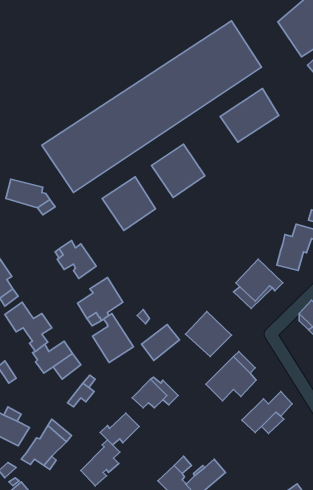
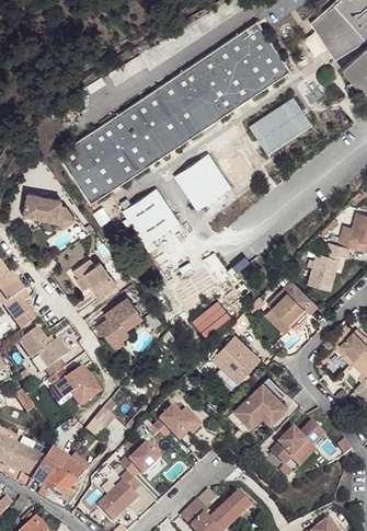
building: [92,313,133,362] -> none
building: [142,325,180,360] -> [190,299,230,337]
building: none -> [31,447,64,485]

